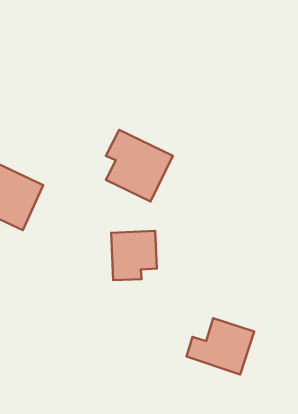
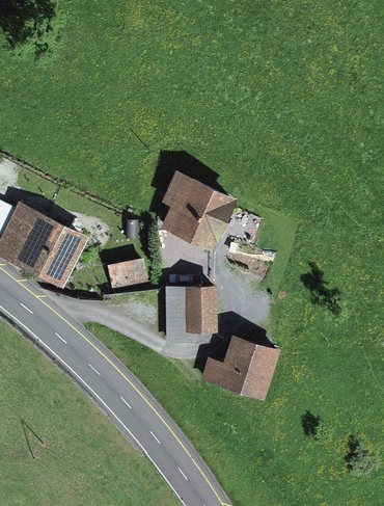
building: none -> [104,259,146,292]
building: [186,318,254,374] -> [200,337,279,402]

